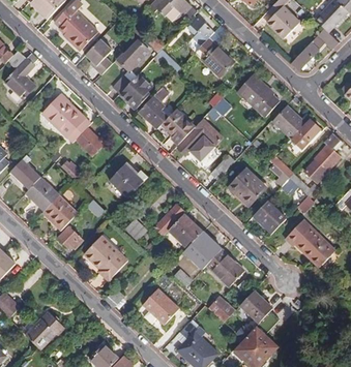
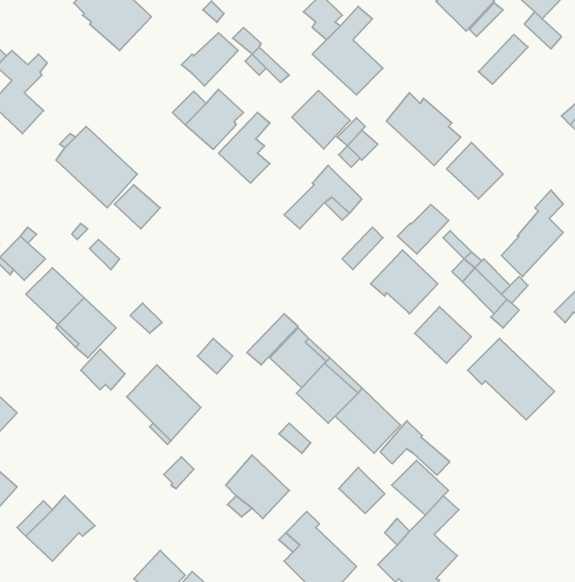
building: [84,38,112,74] -> none
building: [160,109,195,143] -> [292,91,350,149]
building: [290,119,320,148] -> [397,205,449,254]
building: [109,163,147,197] -> none
building: none -> [380,421,450,475]

